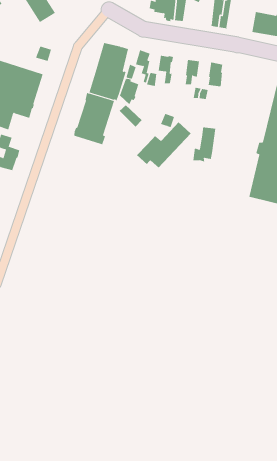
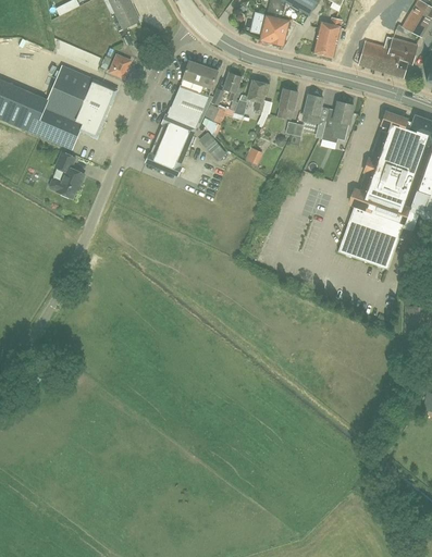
building: [136,122,192,169] -> none
building: [192,127,216,162] -> [322,101,353,141]

